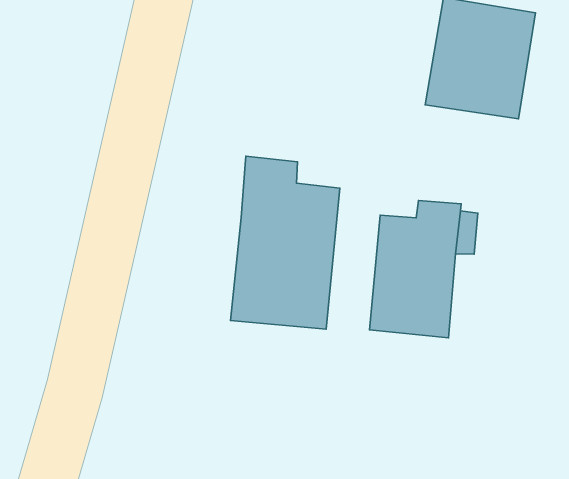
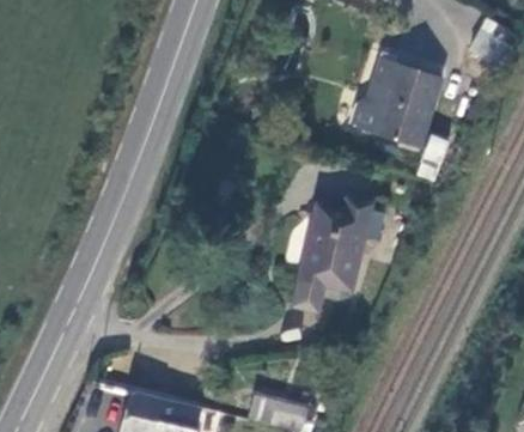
building: [230,156,340,329] -> none

